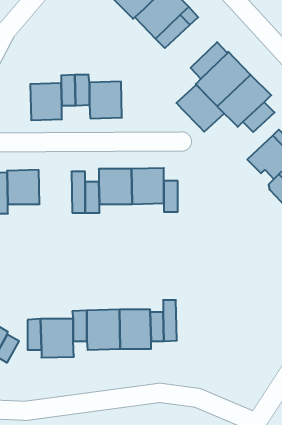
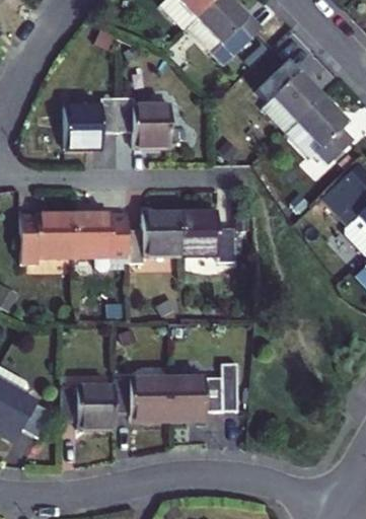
building: [176,85,224,132] -> none
building: none -> [74,210,114,267]

